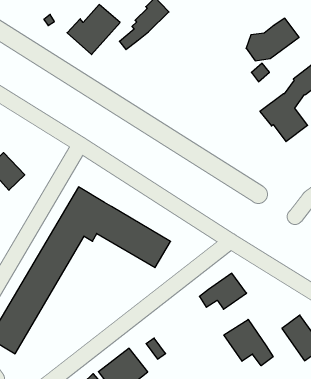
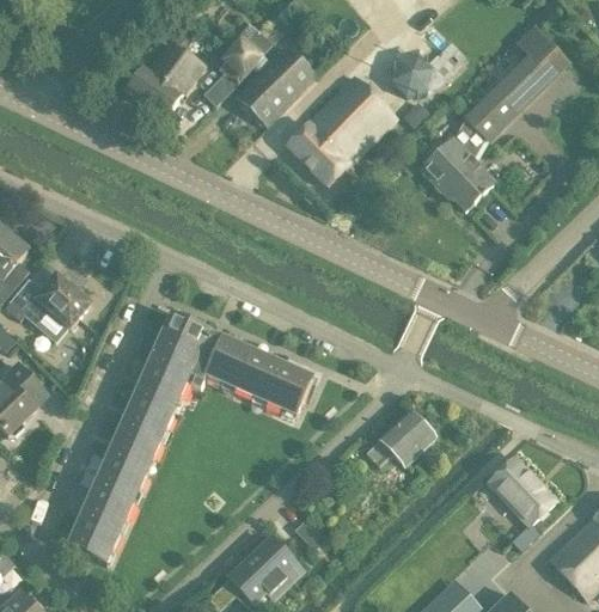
building: none -> [238,48,316,126]
building: none -> [287,78,397,186]
building: [224,319,273,366] -> none

